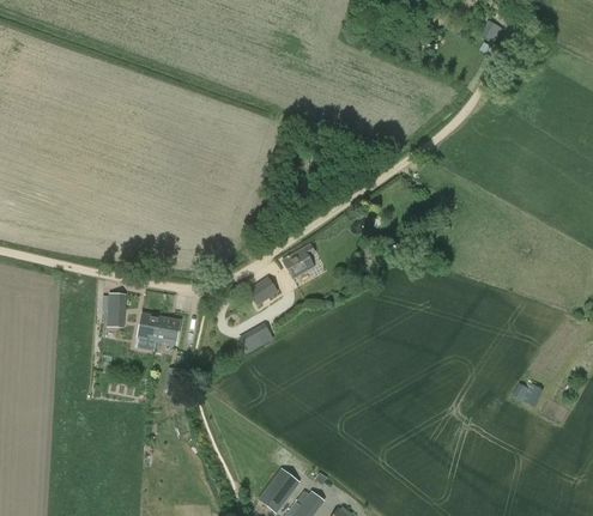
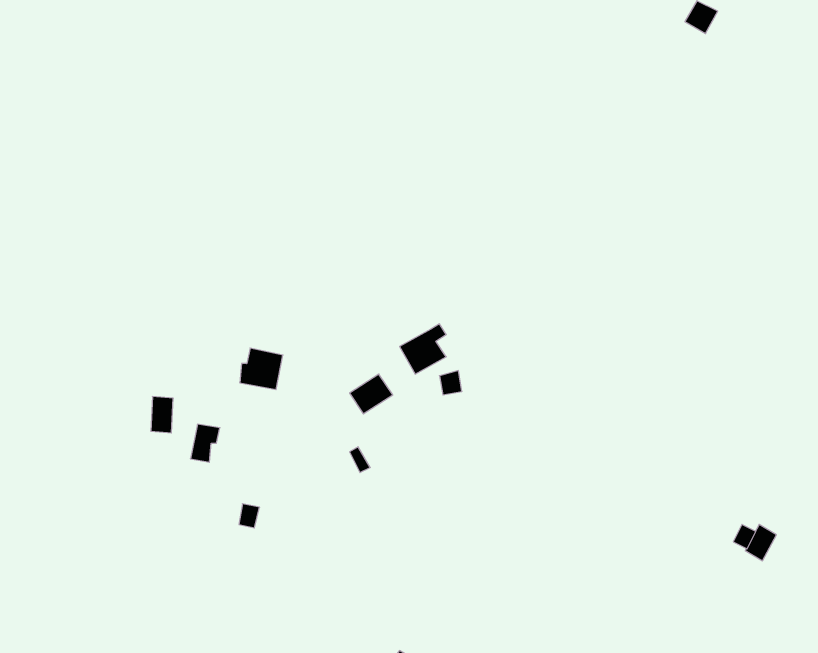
building: [150,315,180,344] -> [240,348,283,390]

